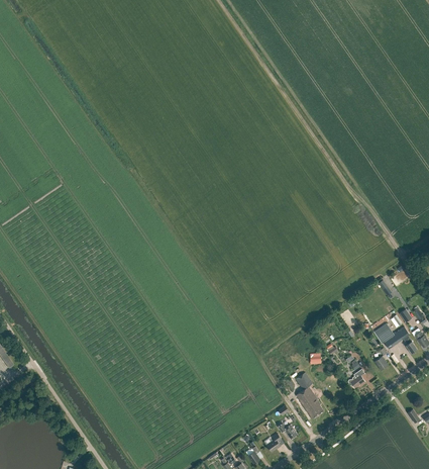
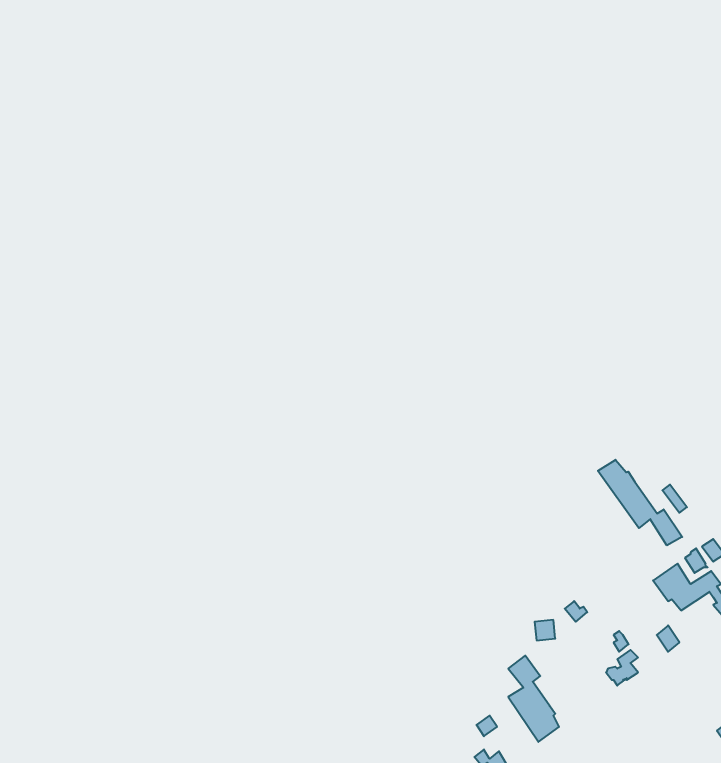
building: none -> [598,460,682,545]

